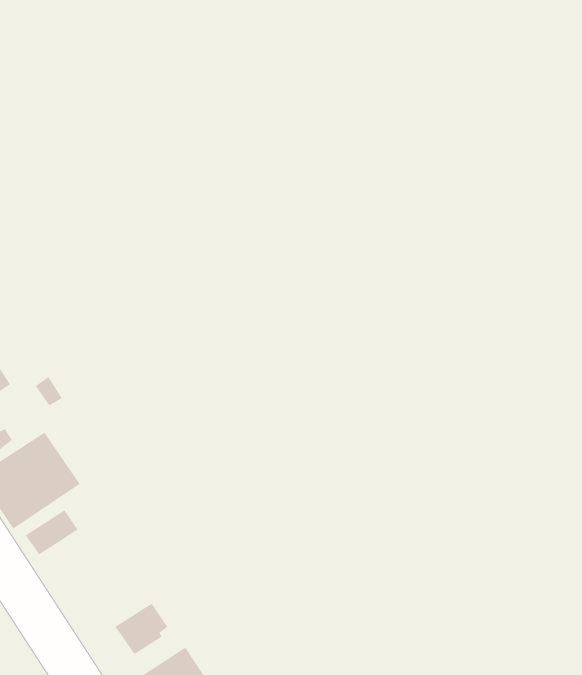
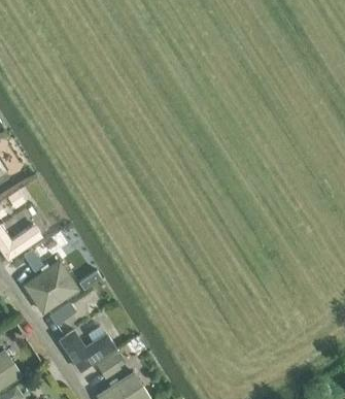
building: none -> [59,331,114,371]

